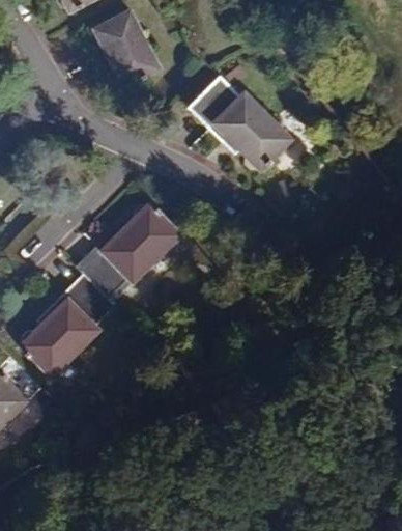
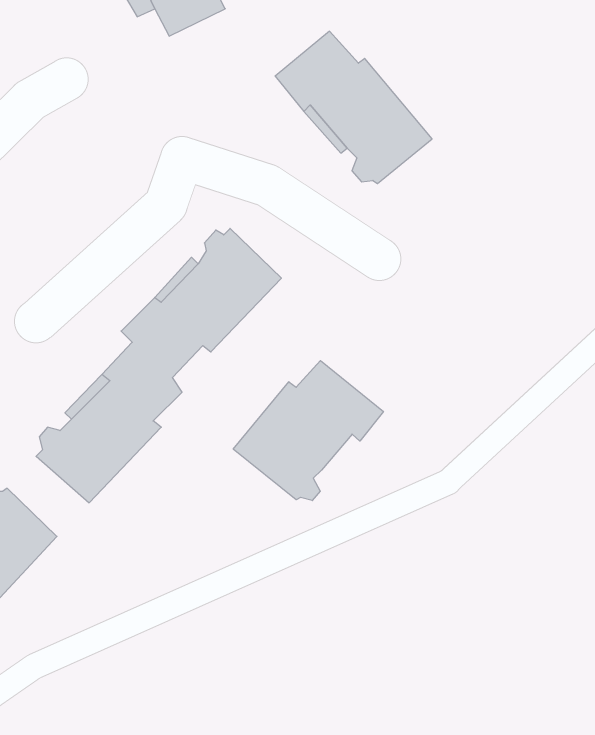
building: none -> [233,361,383,501]

